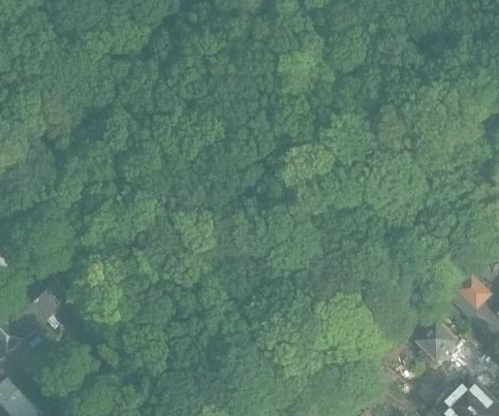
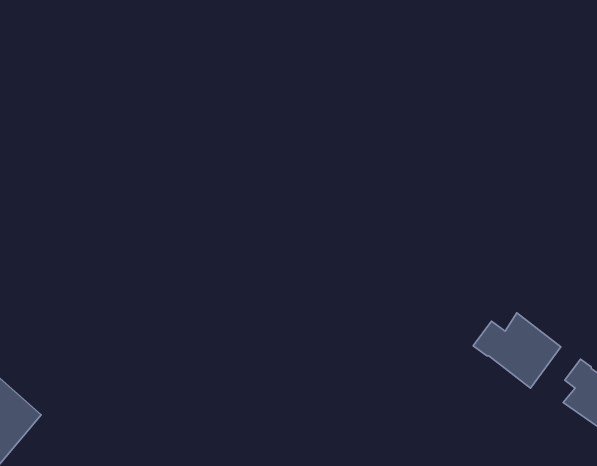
building: none -> [473,313,561,388]

